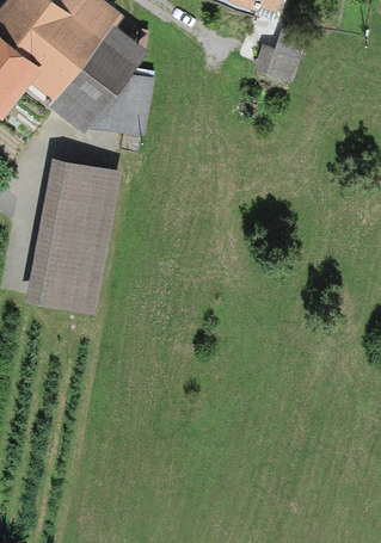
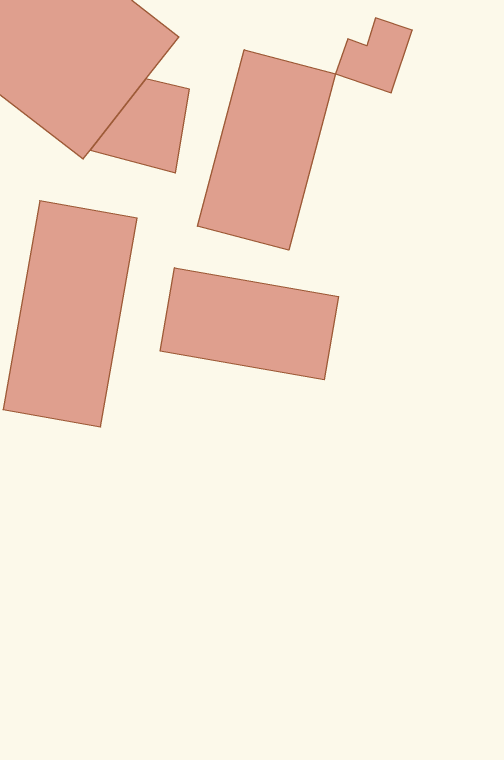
building: none -> [197,50,336,250]
building: none -> [160,268,339,380]

